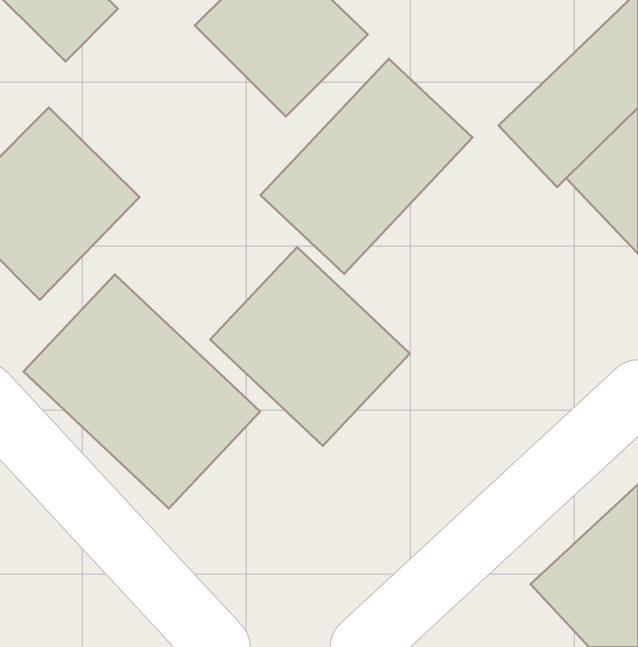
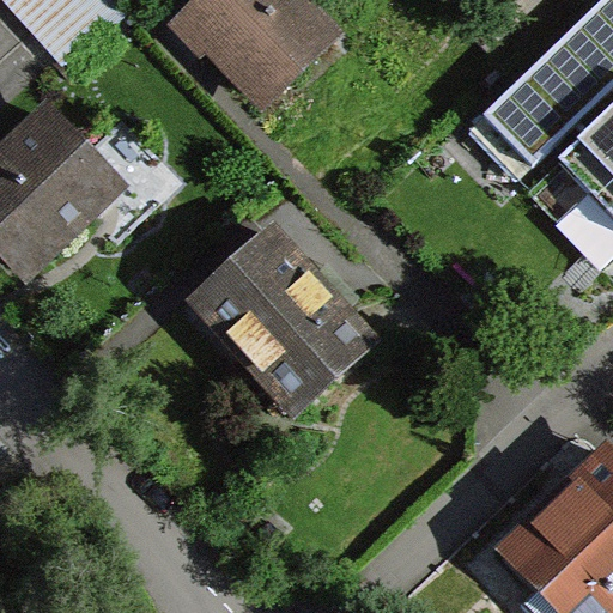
building: [261,59,473,274] -> none
building: [23,274,260,509] -> none

